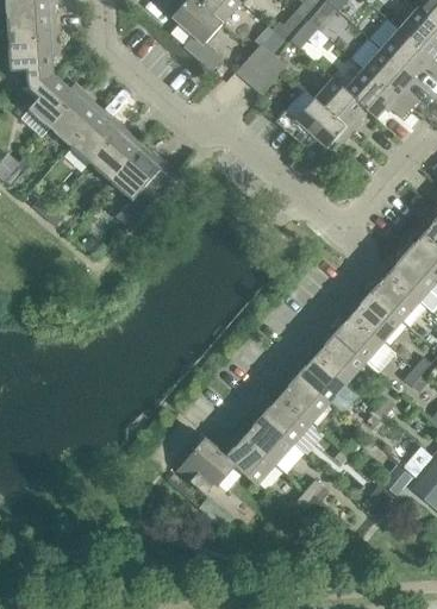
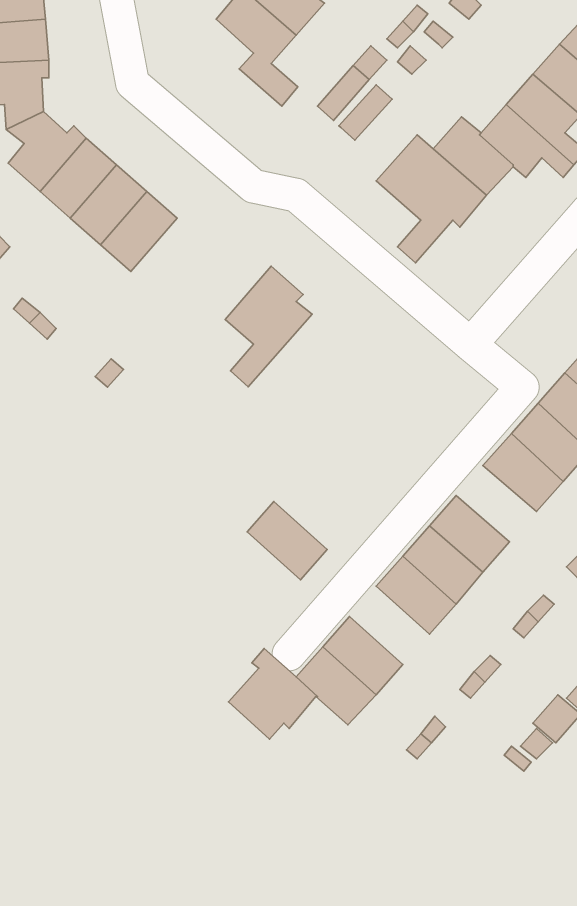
building: [112,146,170,227] -> [225,266,312,387]
building: [330,312,383,363] -> none
building: [258,393,312,445] -> [247,502,327,580]

